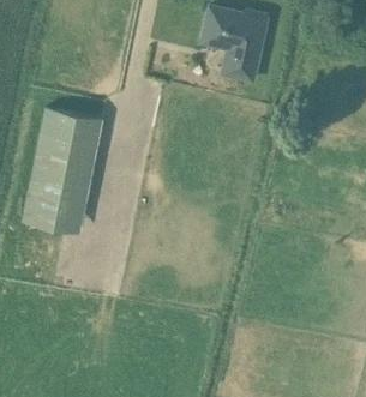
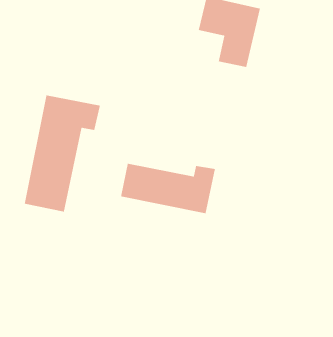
building: none -> [120,163,216,214]

